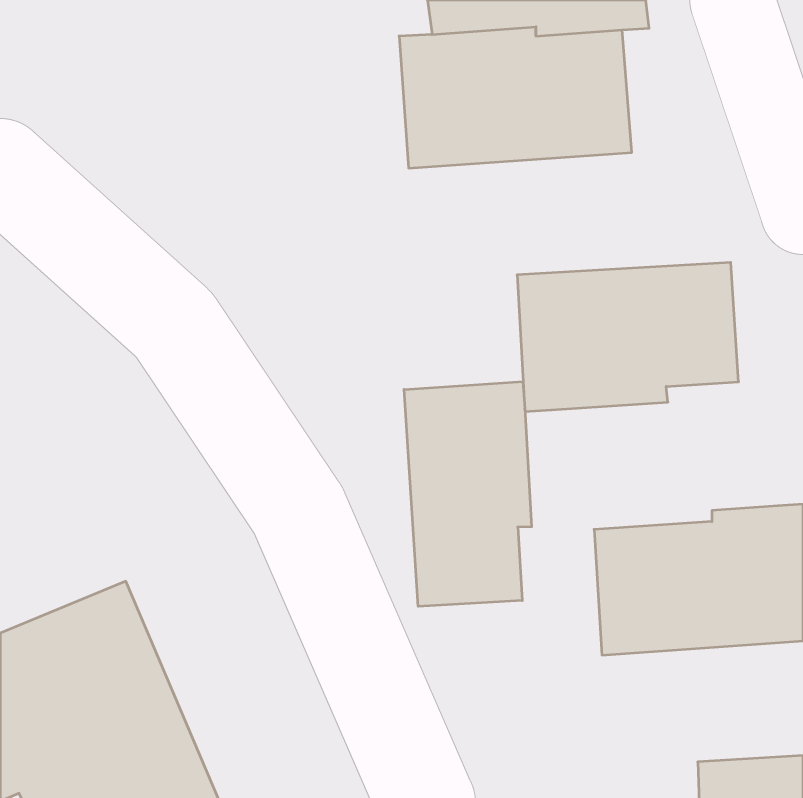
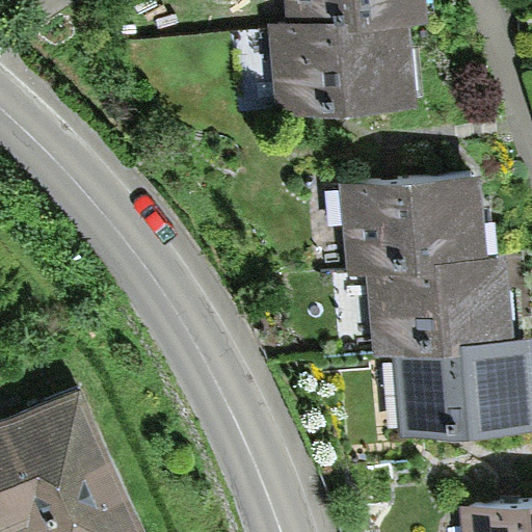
building: none -> [365,255,514,354]
building: [404,381,532,606] -> none

